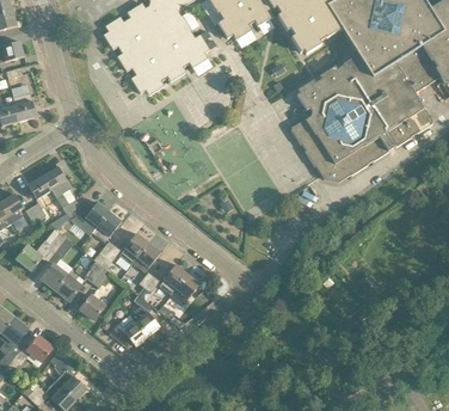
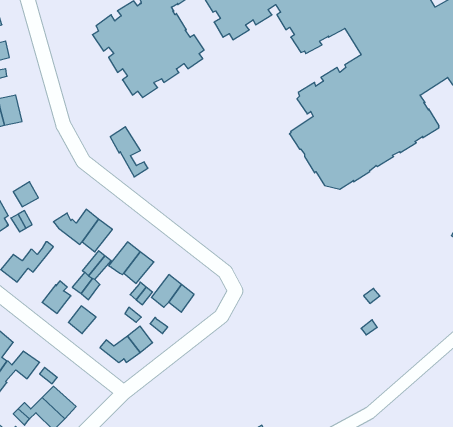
building: [42,165,78,213] -> [110,127,148,177]
building: [41,237,72,289] -> none

